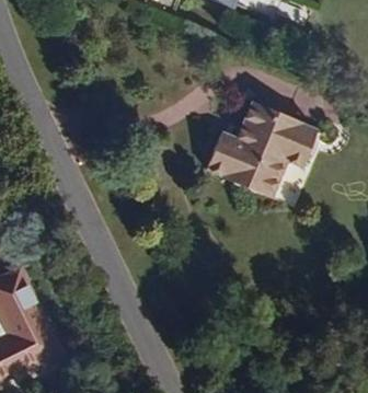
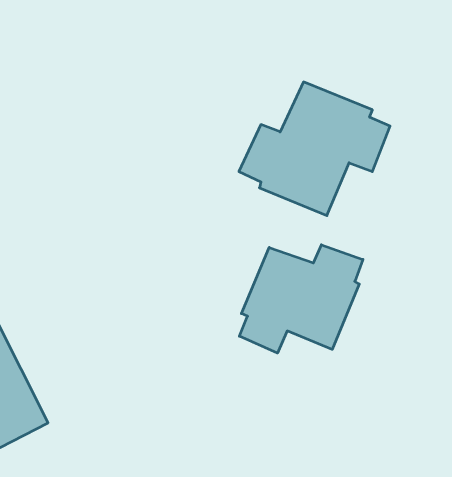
building: none -> [239,245,363,353]

